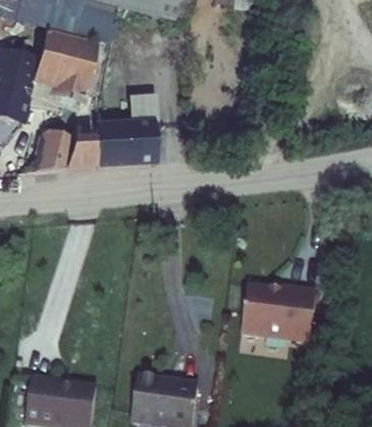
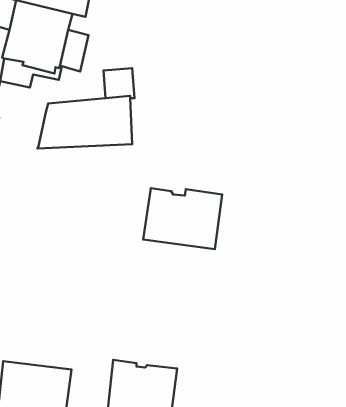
building: [35,129,73,171] -> none
building: [239,282,315,340] -> [143,188,222,249]

